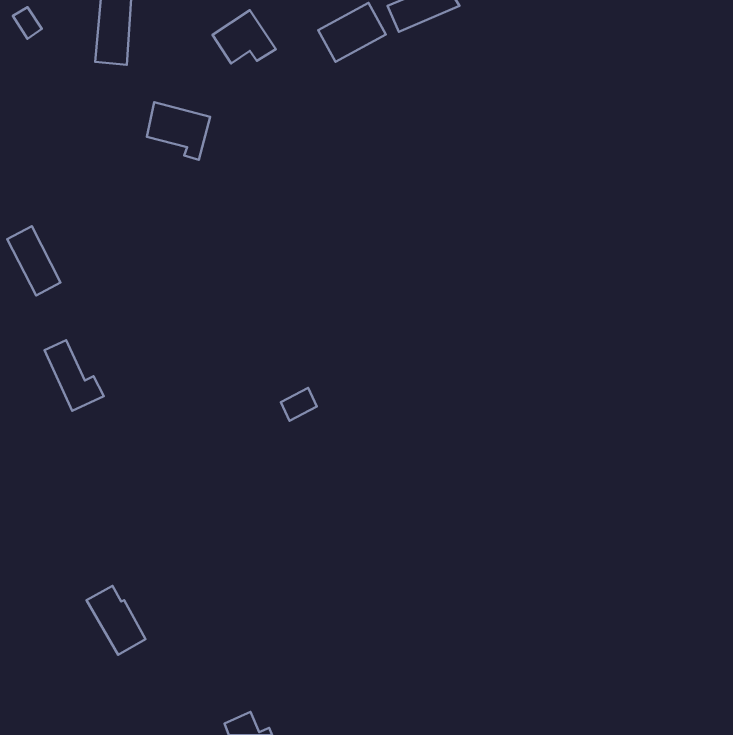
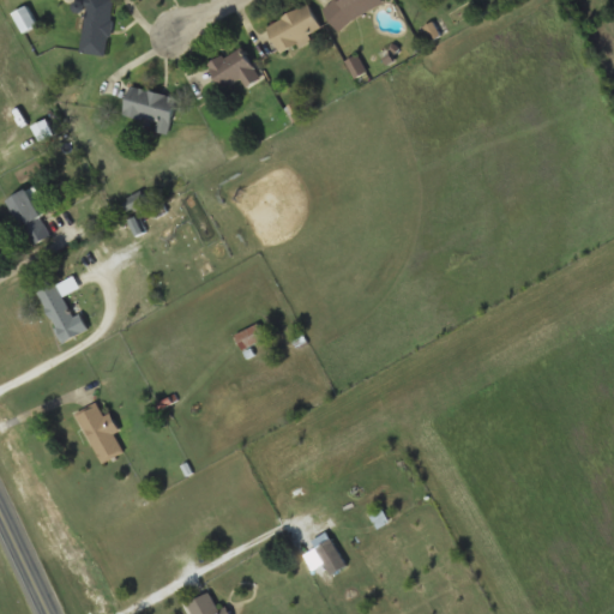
building: [212,10,276,64] -> [207,44,260,89]
building: [87,586,146,655] -> [74,404,124,462]
building: none -> [314,538,345,573]

